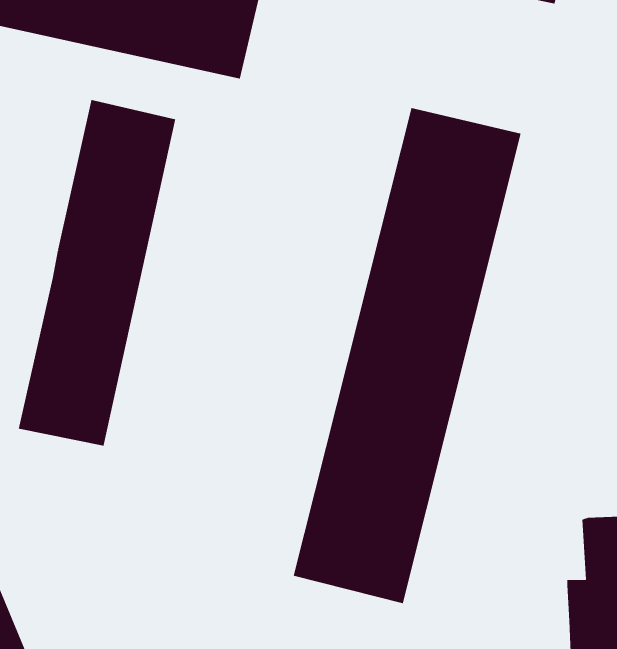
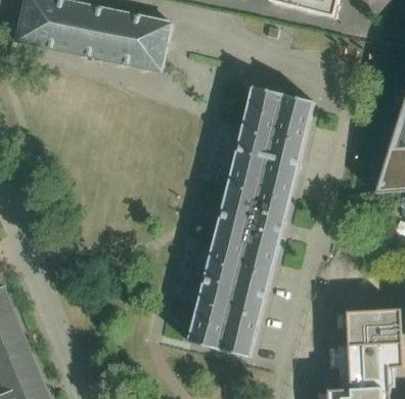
building: [18,99,176,447] -> none

